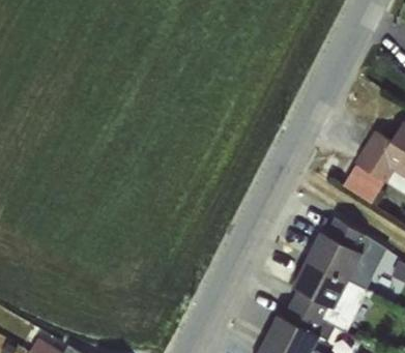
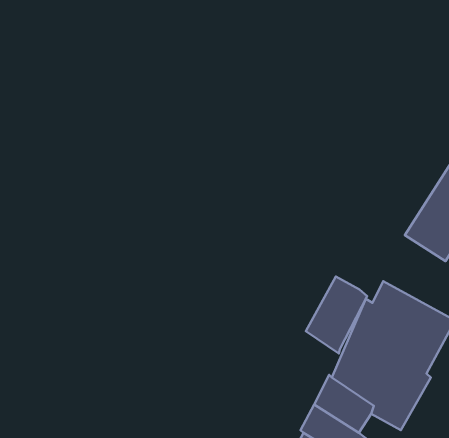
building: none -> [306,277,367,354]

